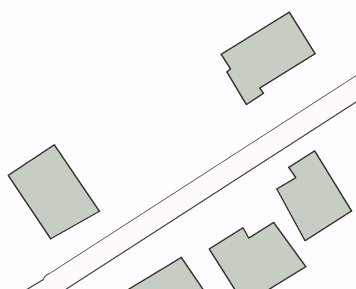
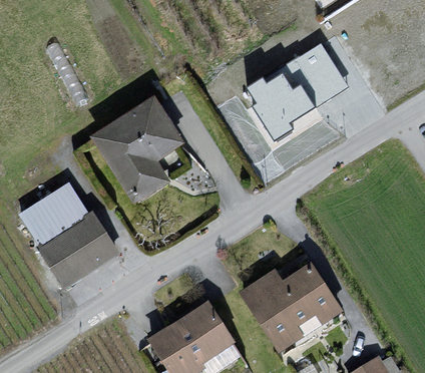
building: none -> [87,97,182,208]
building: [277,151,352,241] -> none

